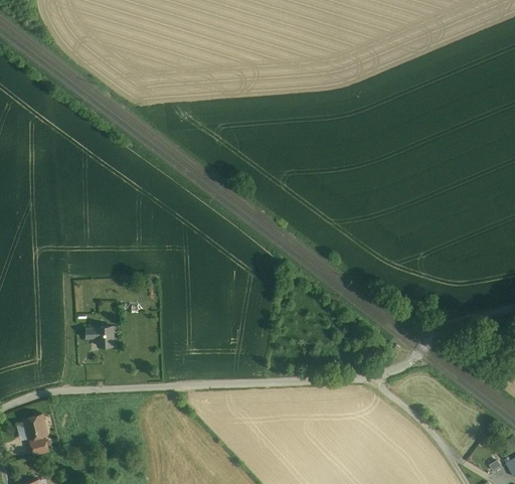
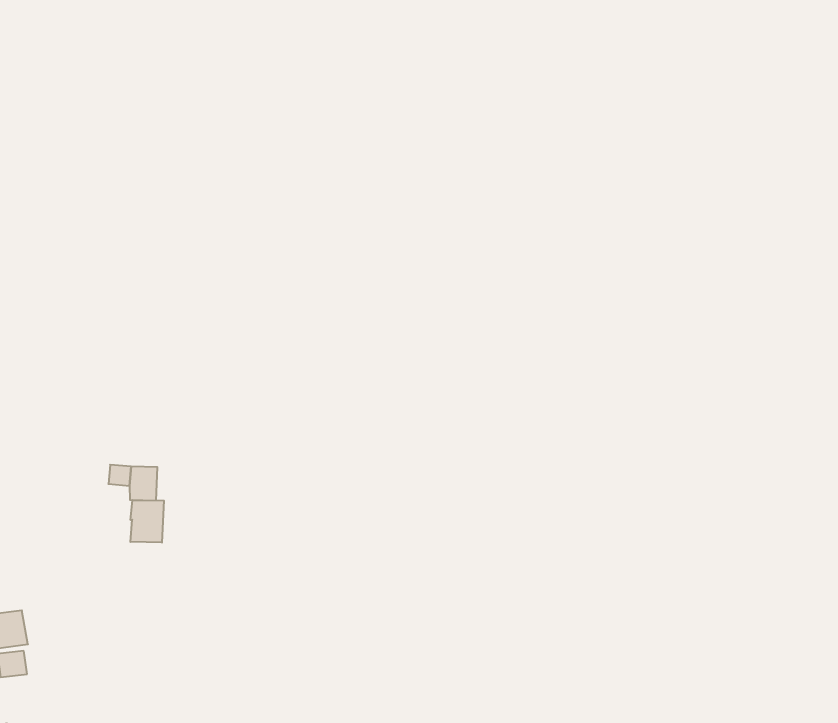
building: none -> [130,500,164,543]

